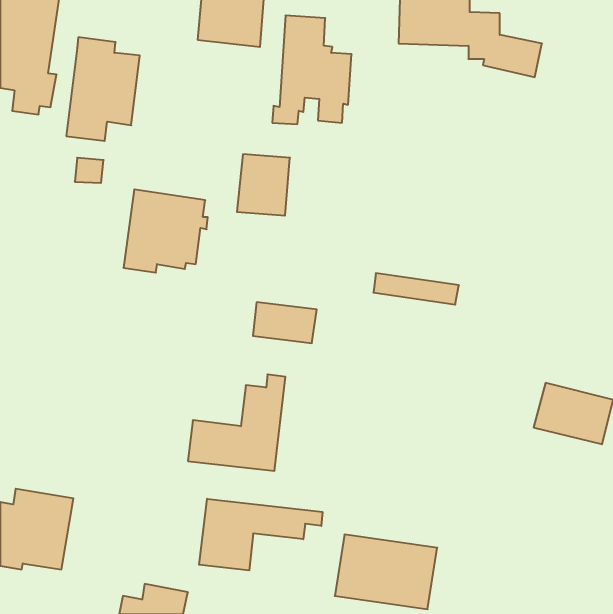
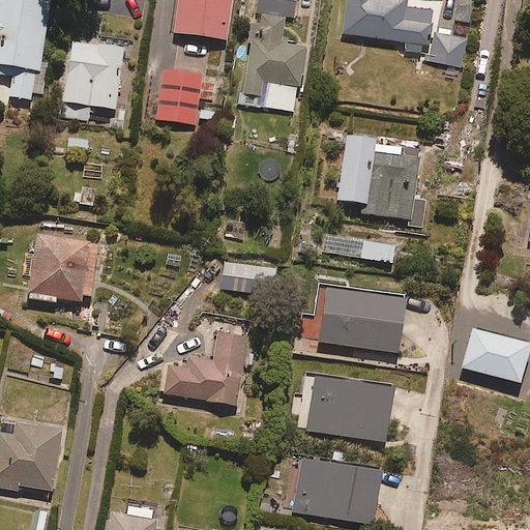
building: [237,154,290,216] -> [157,71,203,124]
building: none -> [335,135,430,229]
building: [123,189,208,273] -> [31,230,104,301]
building: none -> [297,283,403,351]
building: none -> [303,377,390,441]
building: [199,499,322,570] -> none

